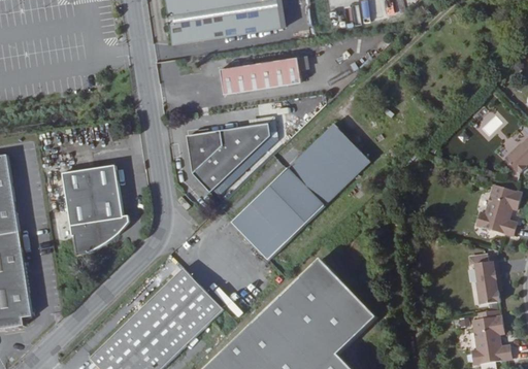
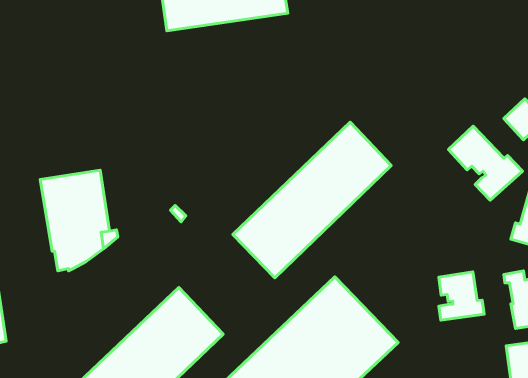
building: [221,56,301,93] -> none
building: [187,123,269,192] -> none
building: none -> [448,126,522,200]
building: none -> [439,272,484,320]

